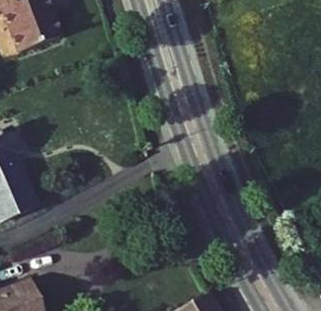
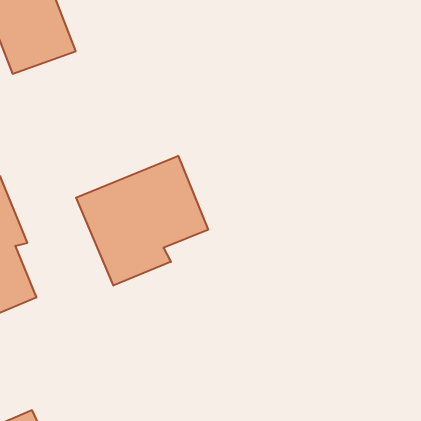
building: none -> [76,156,208,286]

